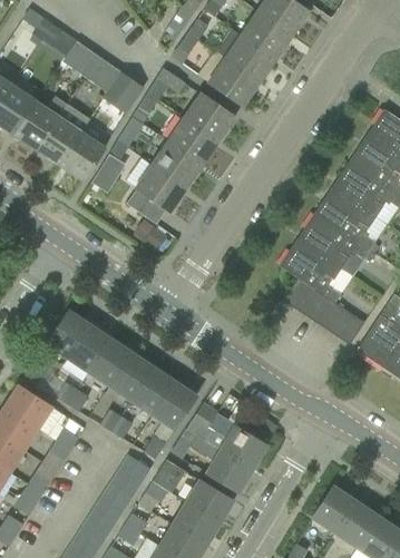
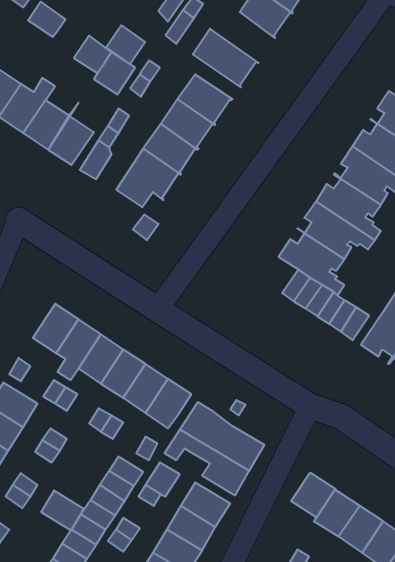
building: [216,28,276,82] -> none
building: [64,41,100,78] -> [106,25,145,64]
building: none -> [291,473,335,517]
building: none -> [41,490,84,531]

